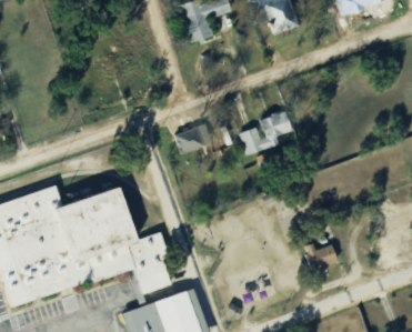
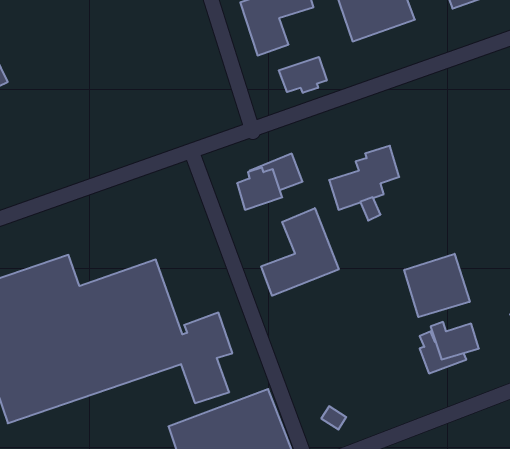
building: none -> [279,57,327,93]
building: none -> [261,208,339,296]
building: none -> [404,254,470,317]

